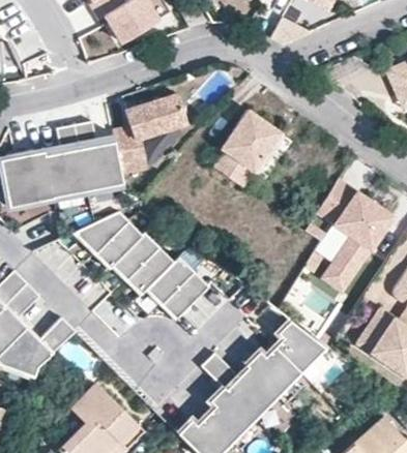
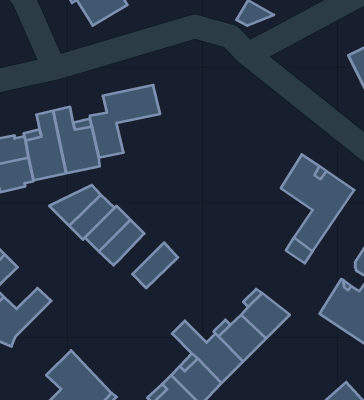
building: [221,116,287,191] -> none
building: [146,255,194,303] -> none

